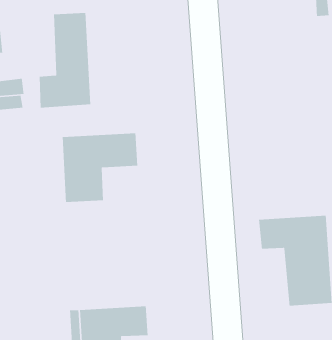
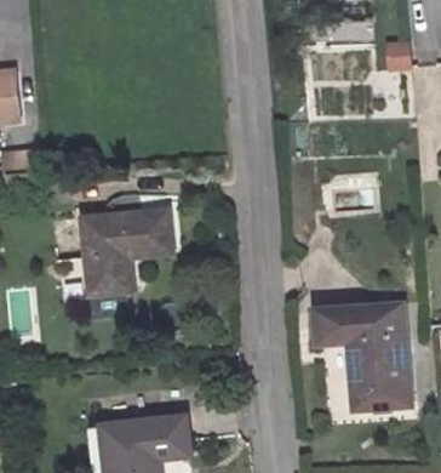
building: [39,12,91,108] -> none

